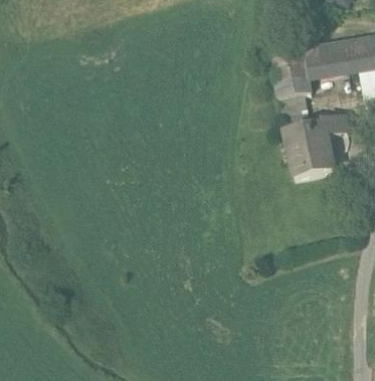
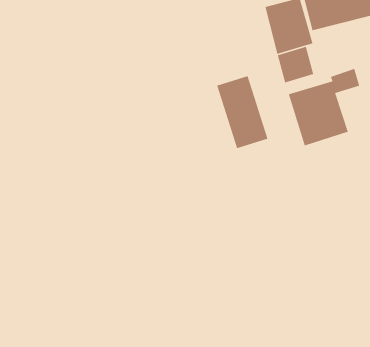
building: none -> [216,75,268,149]

